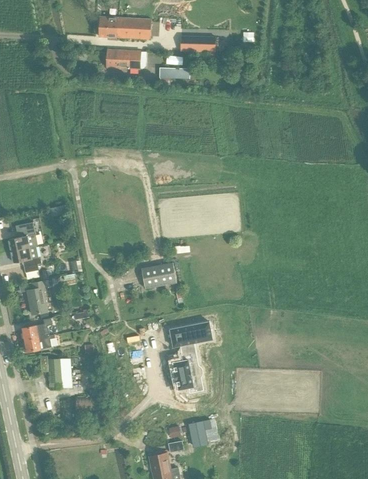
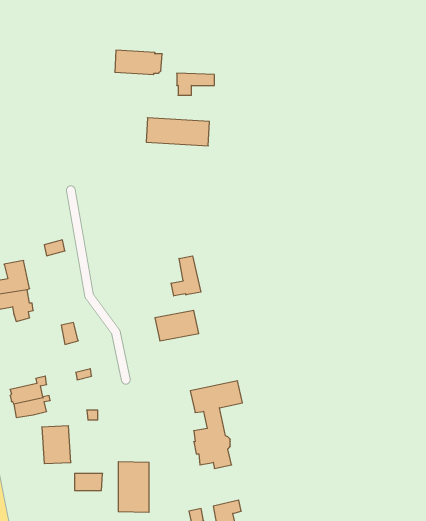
building: [99,16,151,39] -> [146,118,209,146]
building: [188,36,215,51] -> none
building: none -> [171,256,201,296]
building: [26,280,46,314] -> none
building: none -> [118,462,149,512]

